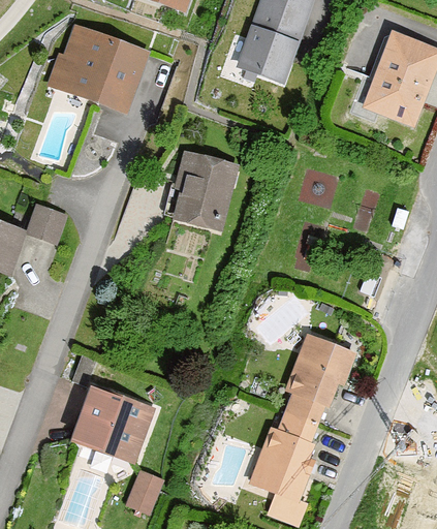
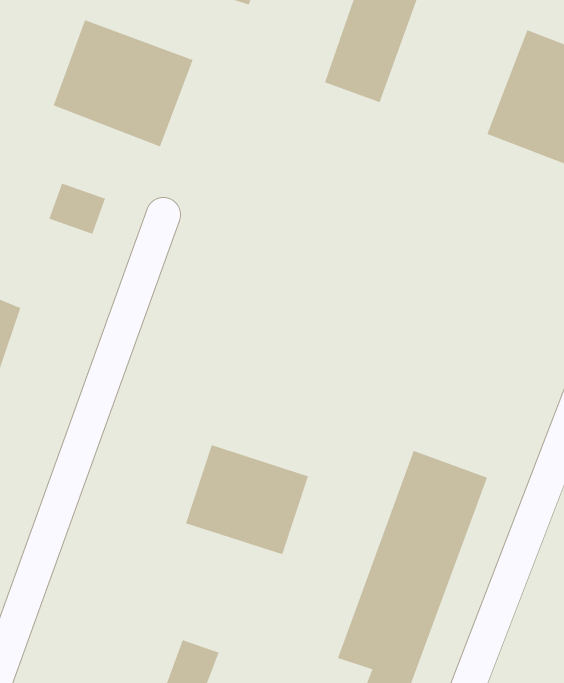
building: [166,151,240,231] -> none
building: [24,204,65,241] -> [48,183,106,235]
building: [65,383,154,463] -> [185,444,309,555]

